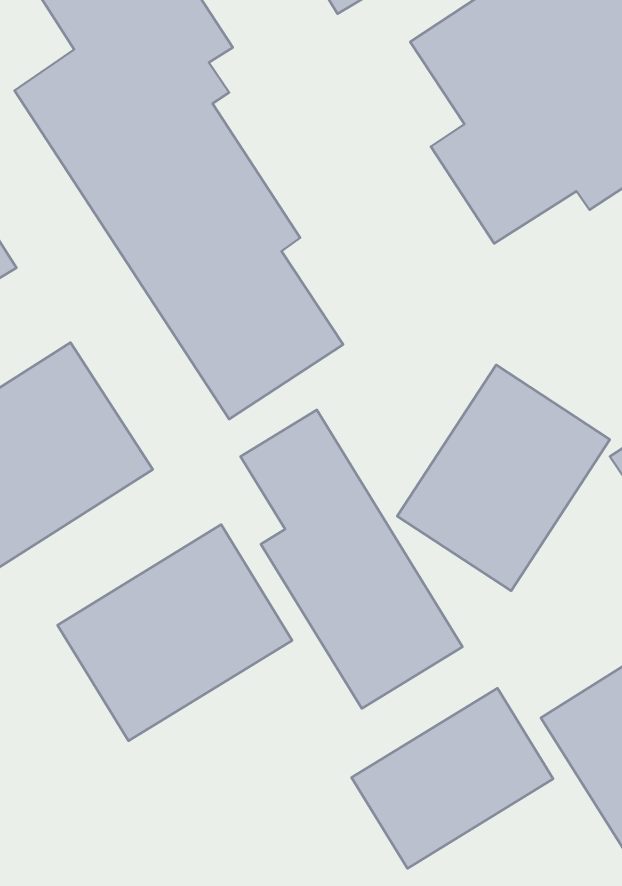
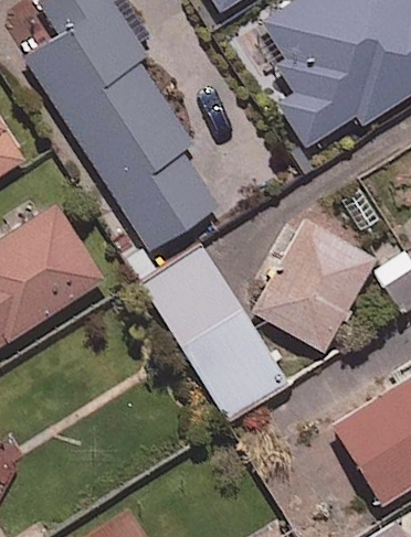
building: [57,525,292,741] -> none
building: [352,688,553,868] -> none

